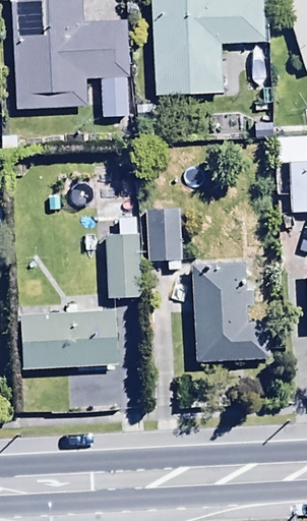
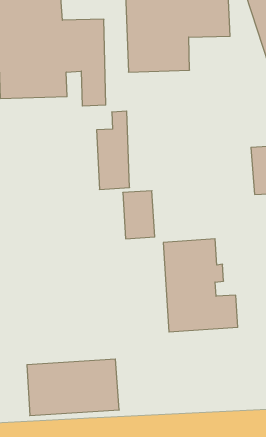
building: [105,215,140,299] -> [97,111,130,189]
building: [20,308,120,369] -> [27,359,119,416]

